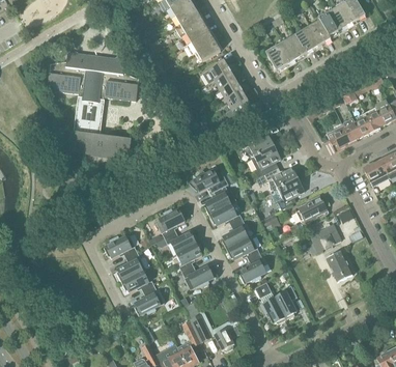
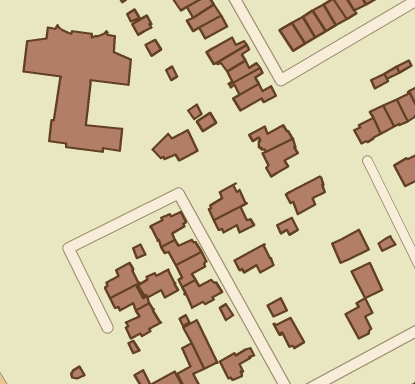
building: [190,166,228,192] -> [152,130,198,161]
building: [263,166,300,191] -> none
building: [295,196,328,221] -> none
building: [222,219,252,249] -> none
building: [104,233,138,257] -> [138,270,178,298]
building: [239,253,266,283] -> none
building: [275,284,298,318] -> [346,298,372,338]

